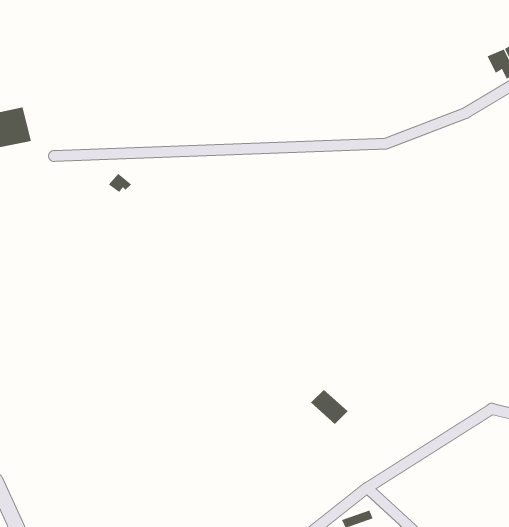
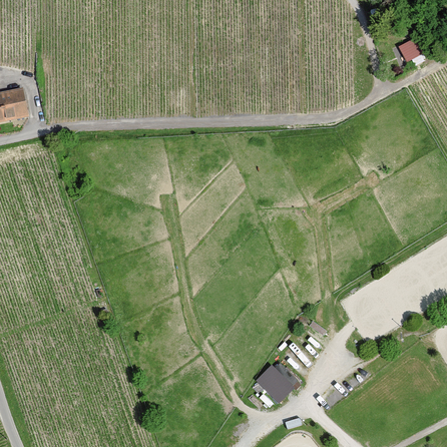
building: [310,389,348,425] -> [262,366,293,395]

